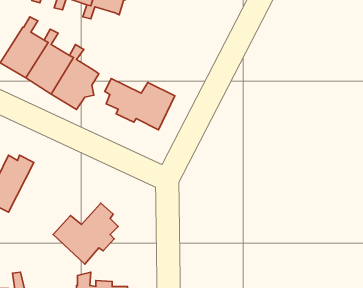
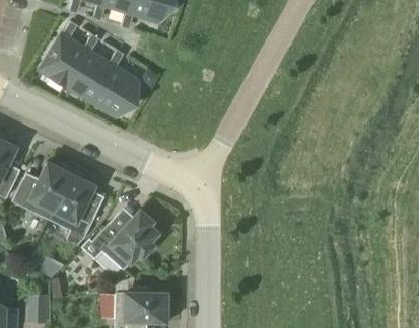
building: [105,79,175,130] -> none
building: none -> [47,169,95,246]

